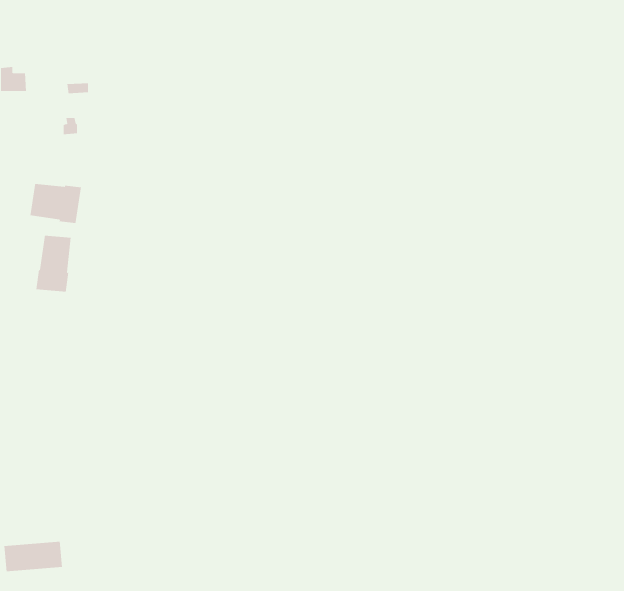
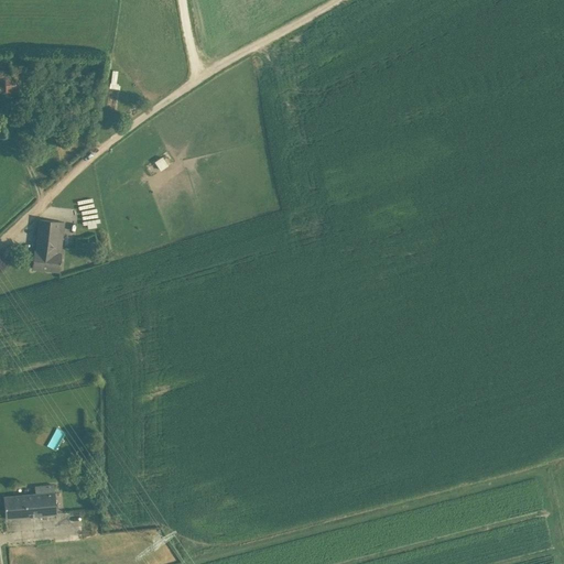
building: [30,183,82,224] -> none

